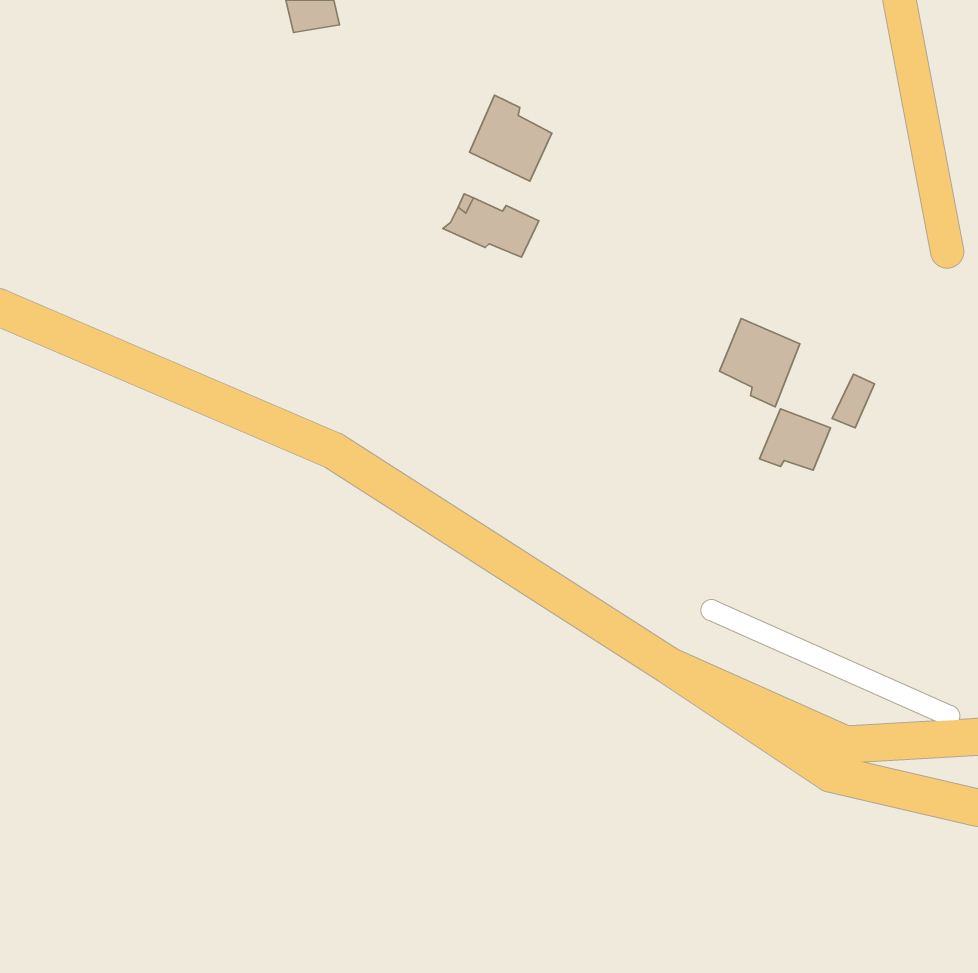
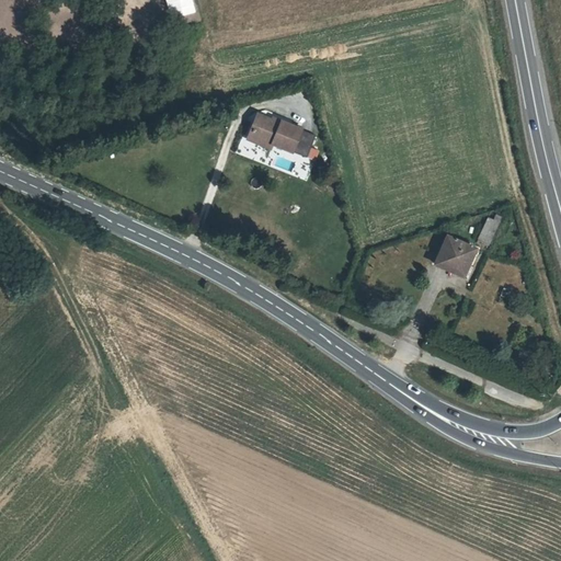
building: [470,95,552,181] -> none
building: [720,318,800,407] -> none

